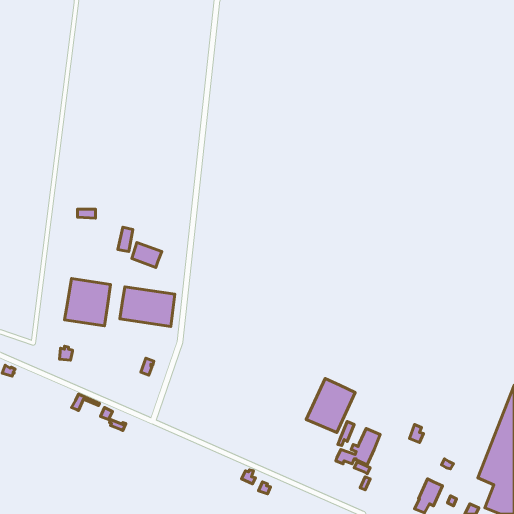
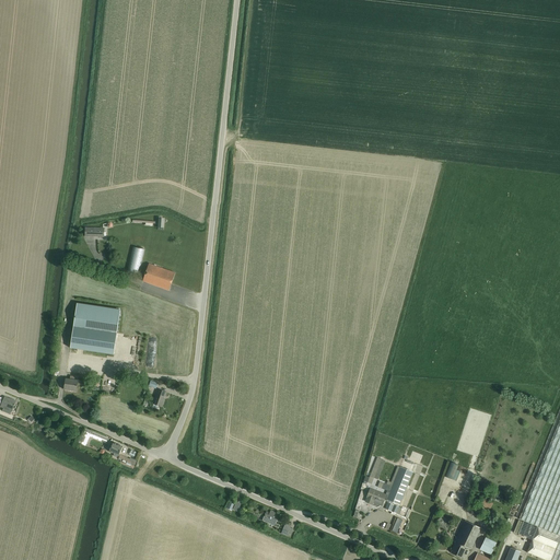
building: [120,287,175,326] -> none
building: [306,378,355,433] -> none

